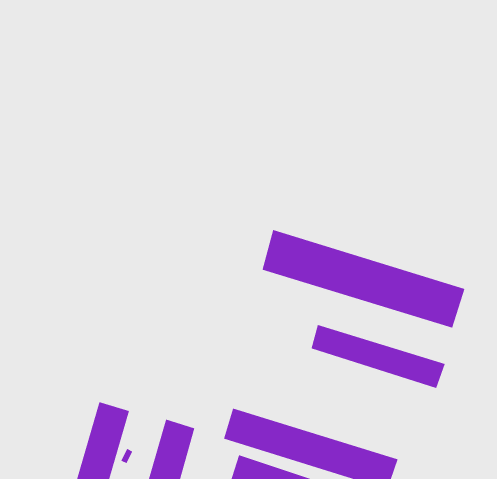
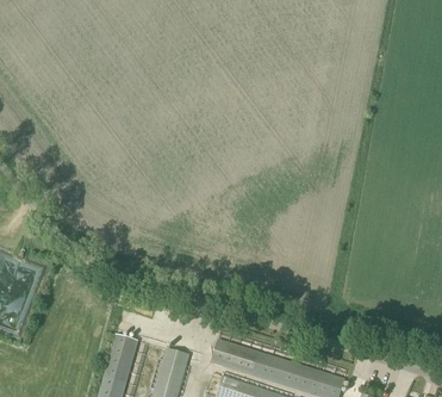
building: [262,229,465,329] -> none
building: [311,324,445,389] -> none

